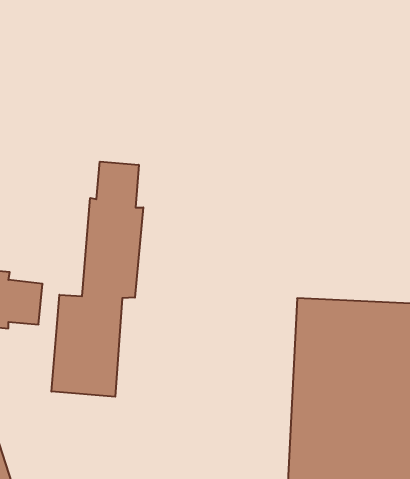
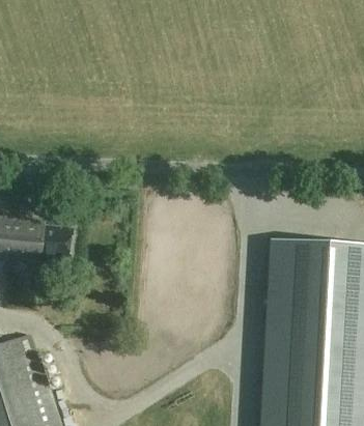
building: [51,162,143,397] -> none

